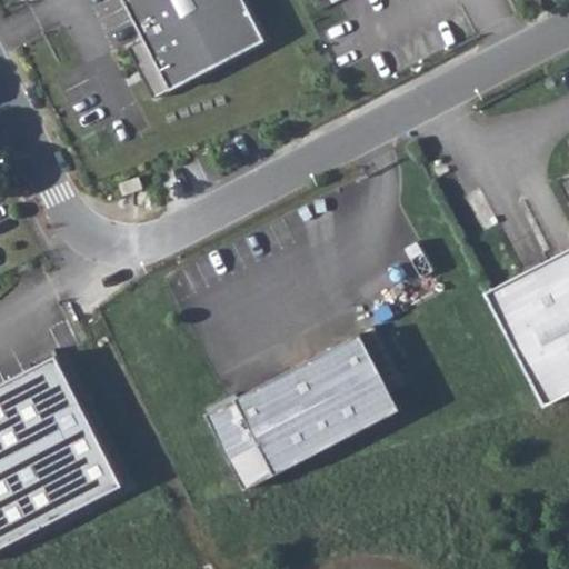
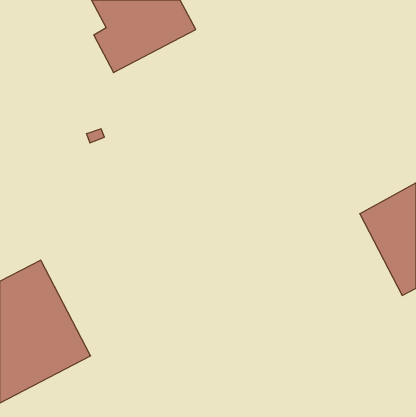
building: [207,332,401,489] -> none

